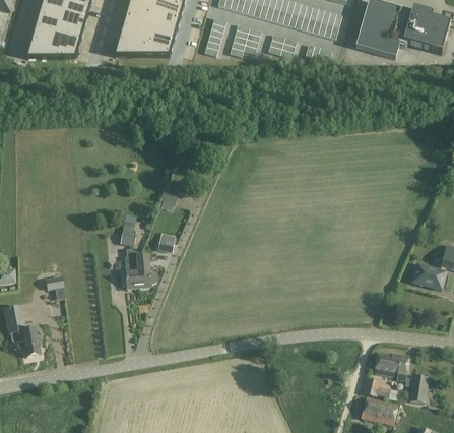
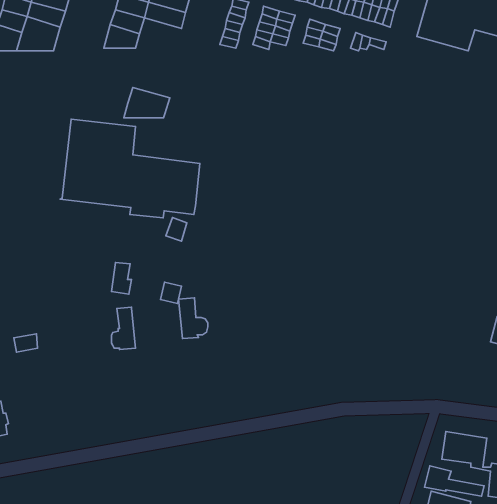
building: [138,32,174,55] -> [124,87,170,118]
building: none -> [60,119,200,218]
building: [135,254,157,286] -> [179,298,208,339]

